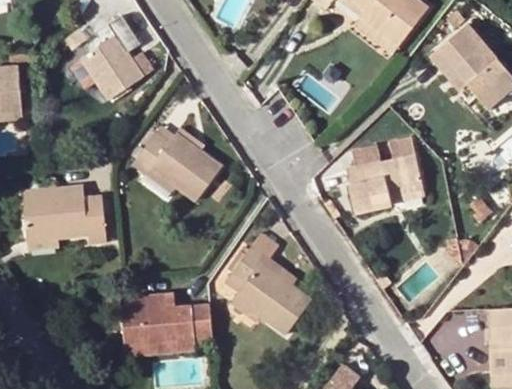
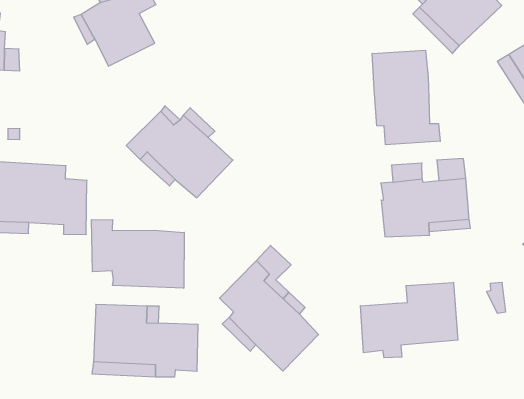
building: none -> [372,50,440,145]
building: none -> [92,220,184,288]
building: none -> [360,282,458,358]

